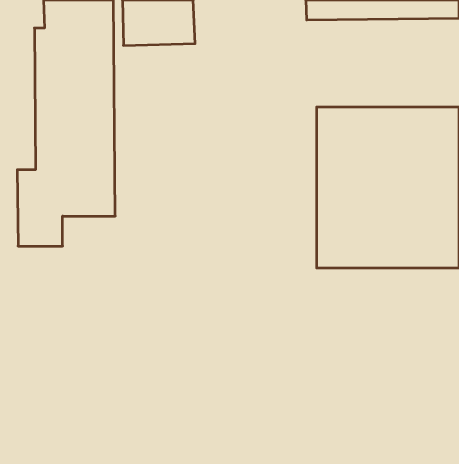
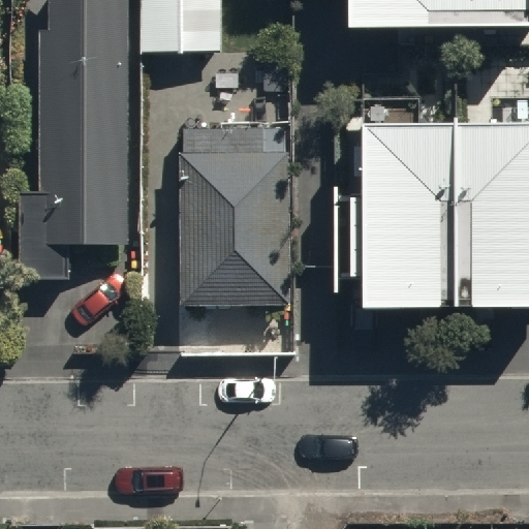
building: none -> [178,129,290,307]

